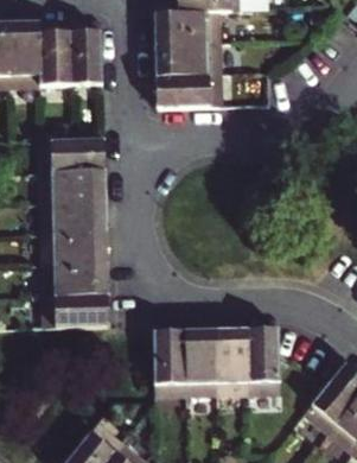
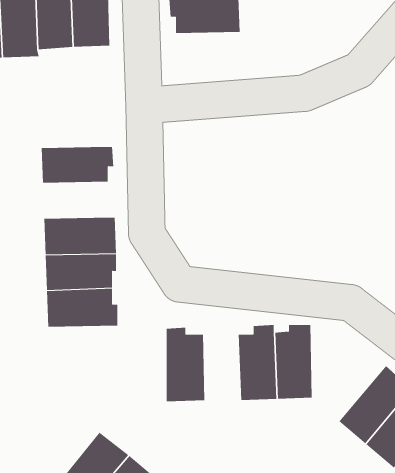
building: [157,70,219,103] -> none
building: [43,140,107,171] -> none
building: [45,201,109,233] -> none
building: [186,326,218,392] -> none

